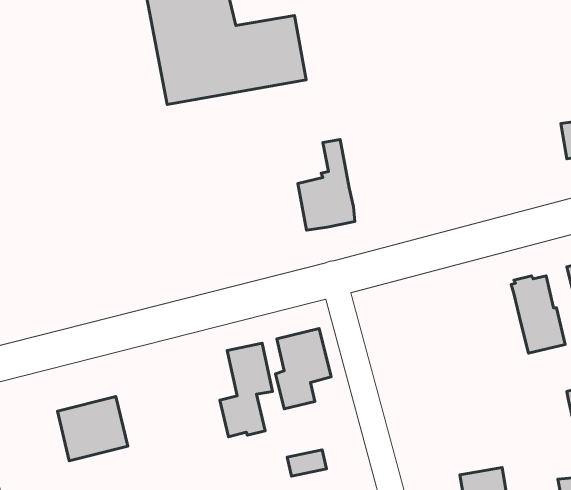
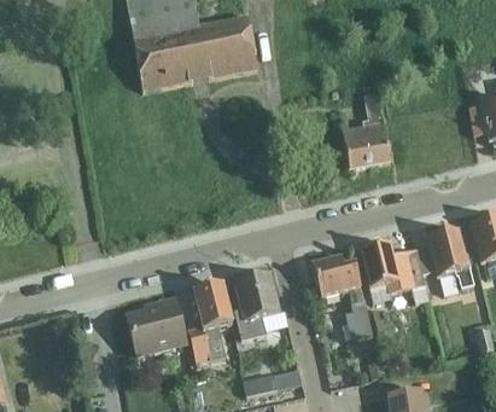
building: [298,139,355,230] -> [343,92,390,167]
building: none -> [361,240,428,301]
building: none -> [314,253,373,337]
building: [57,396,128,461] -> [126,301,183,354]

